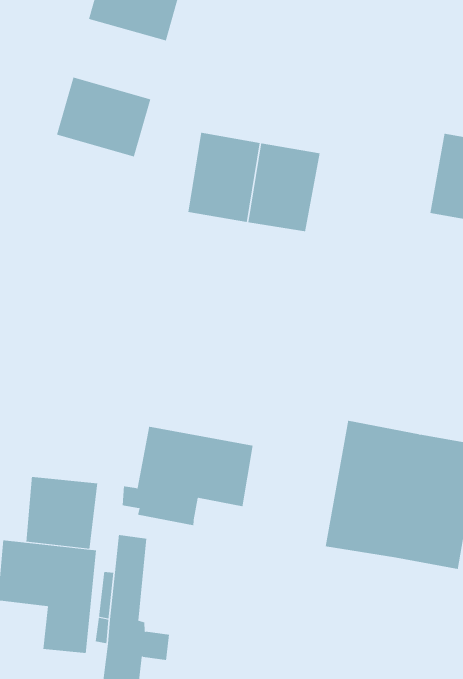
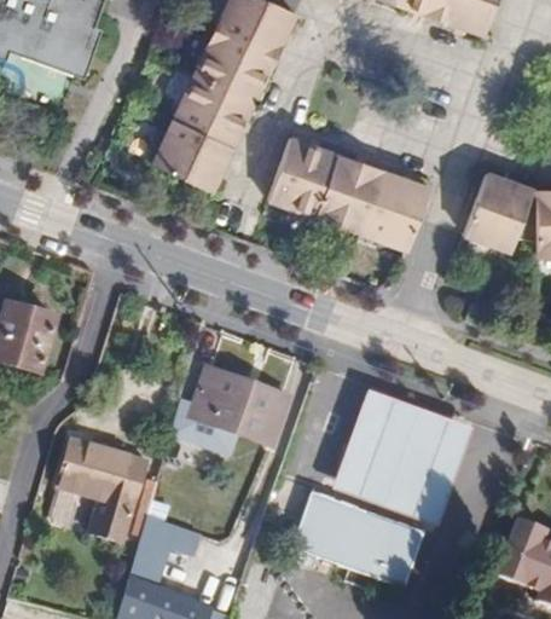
building: none -> [193,28,274,102]
building: none -> [151,117,232,191]
building: none -> [360,169,429,248]
building: [26,476,98,549] -> none
building: none -> [290,491,423,589]

